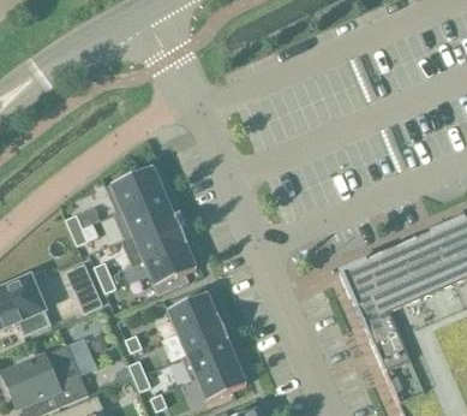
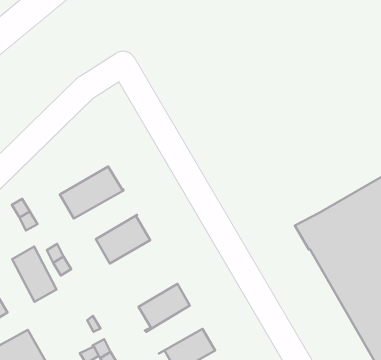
building: [106,166,164,214] -> none
building: [125,218,187,262] -> none
building: [168,292,218,333] -> none
building: [182,338,238,381] -> none

